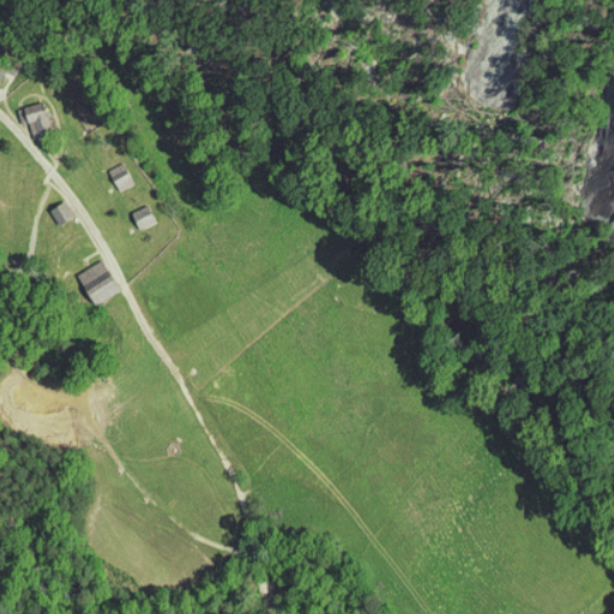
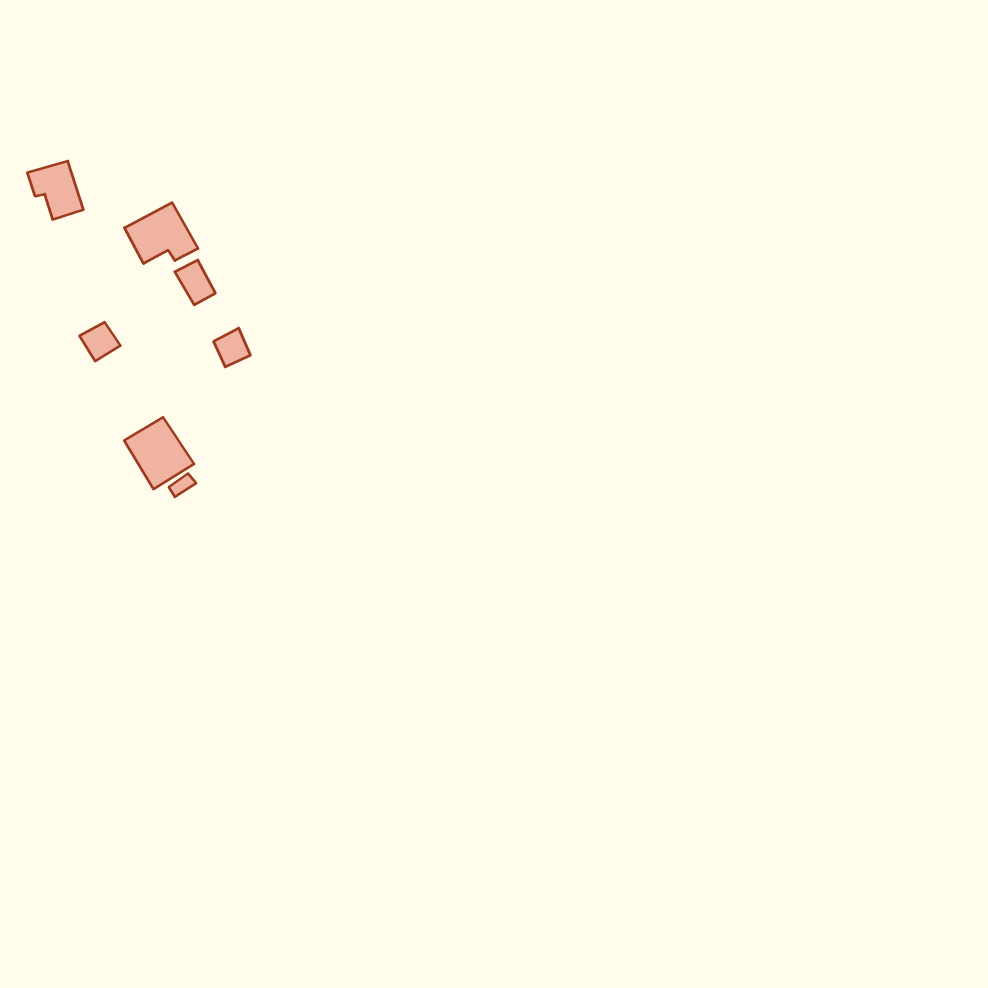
building: none -> [124,203,198,264]

